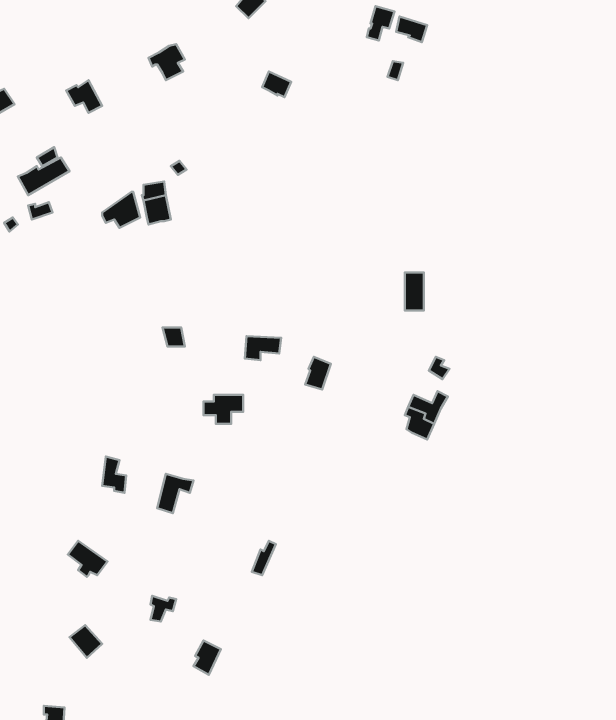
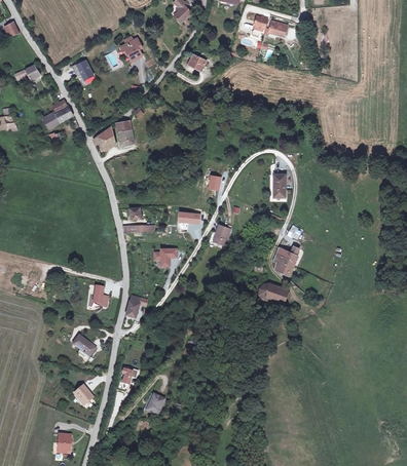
building: none -> [258,282,285,305]

